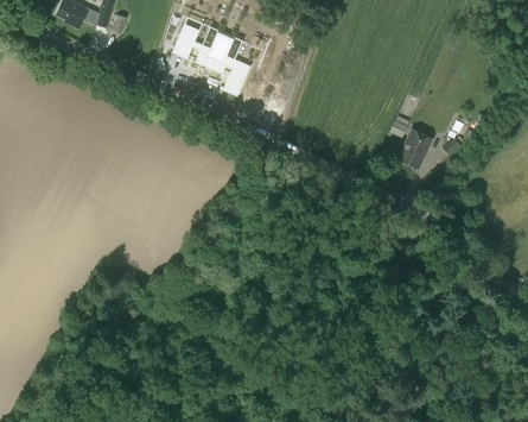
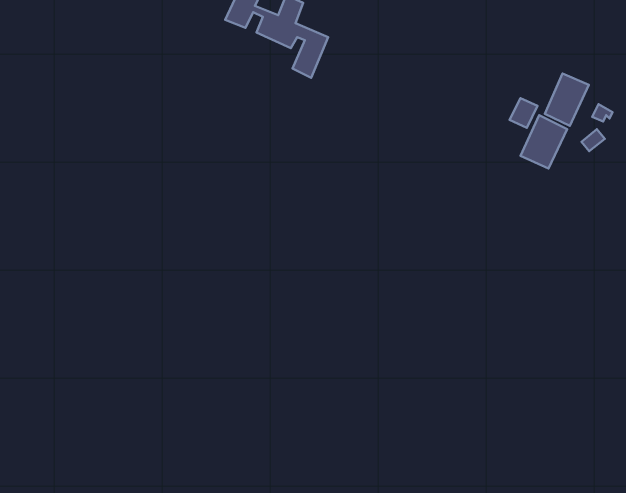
building: none -> [545,74,589,126]

